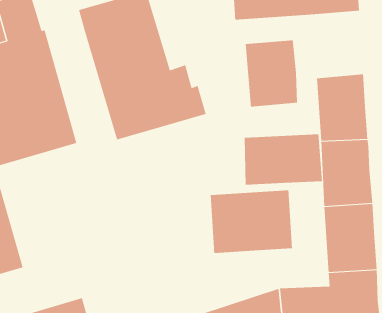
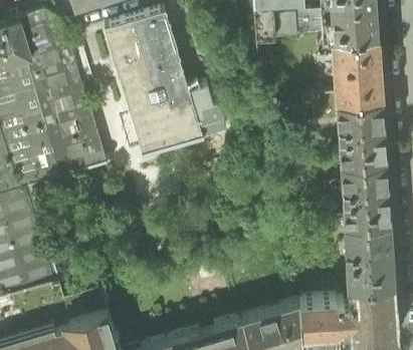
building: [245,40,298,107] -> [330,29,381,94]
building: [244,134,322,186] -> none
building: [210,189,292,254] -> none

